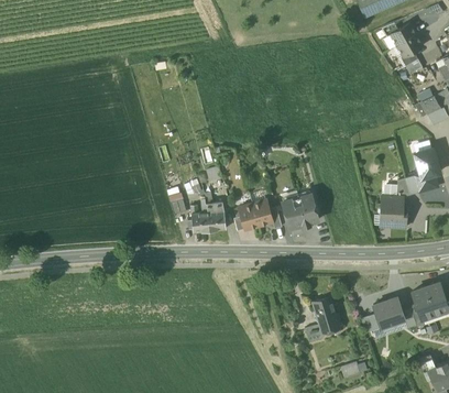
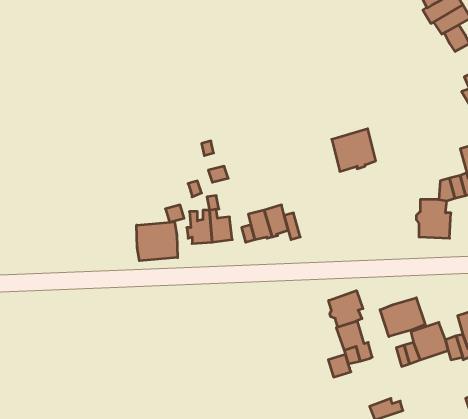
building: [283,194,319,229] -> [332,129,376,171]
building: none -> [137,222,178,261]
building: none -> [329,291,363,327]
building: none -> [380,298,425,337]

